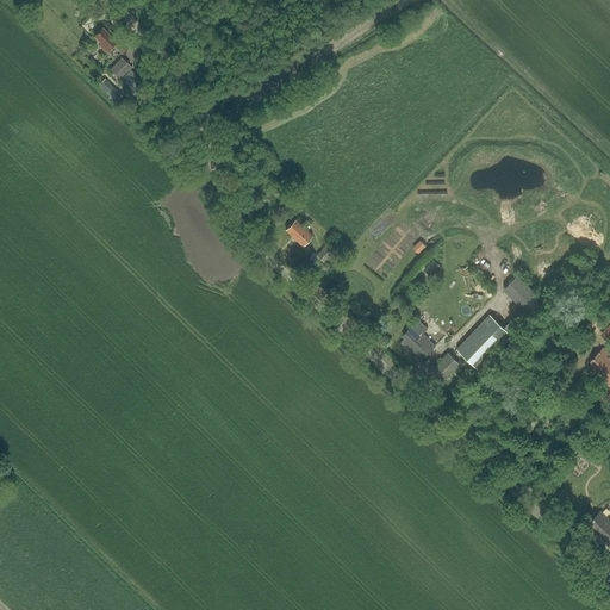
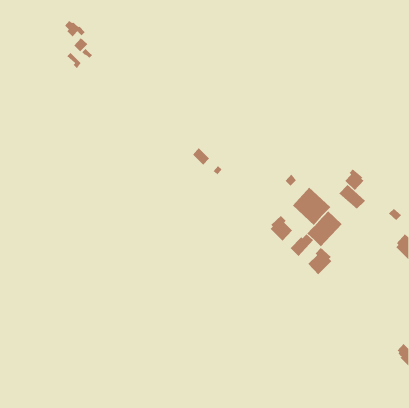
building: none -> [345,168,364,191]
building: none -> [292,187,331,226]
building: none -> [308,247,332,275]

